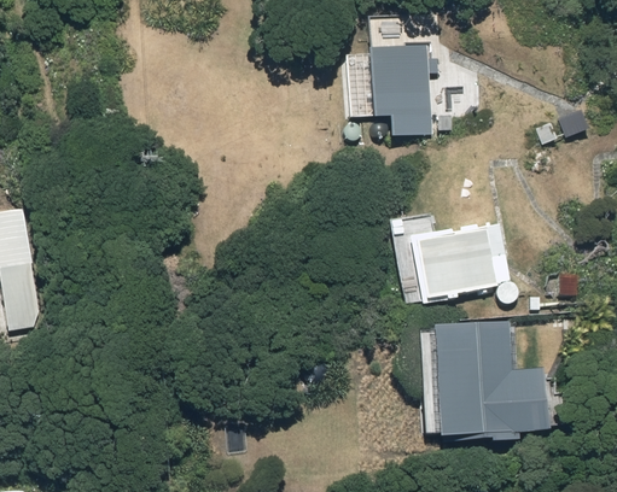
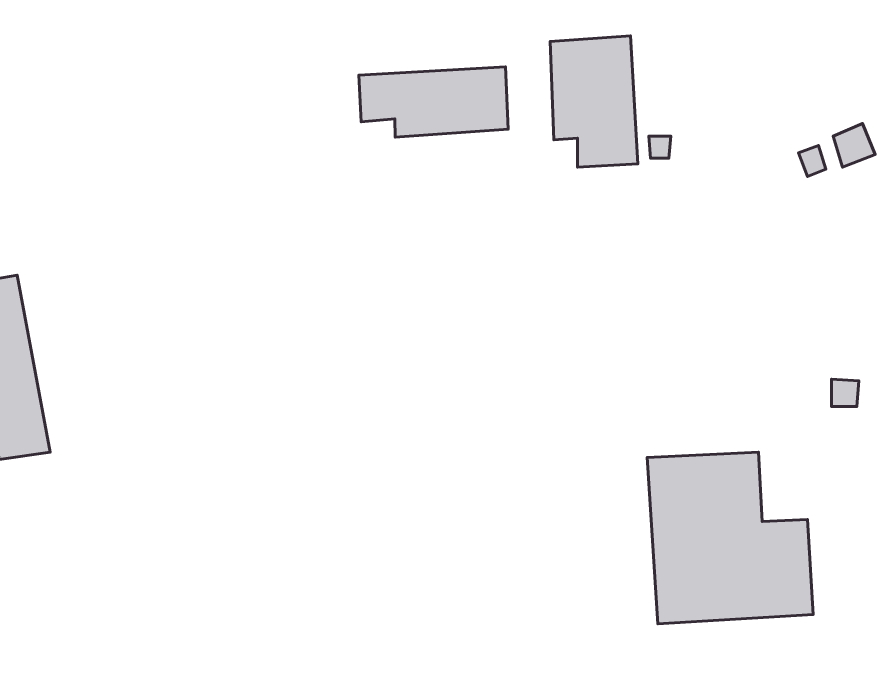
building: none -> [359,67,508,137]
building: [418,224,508,299] -> none

